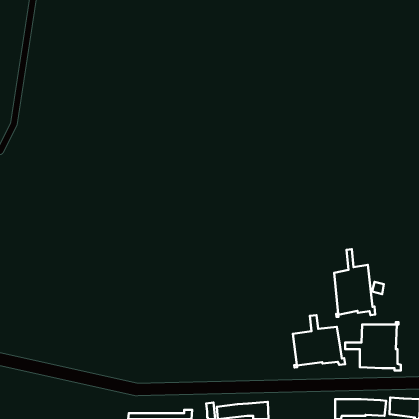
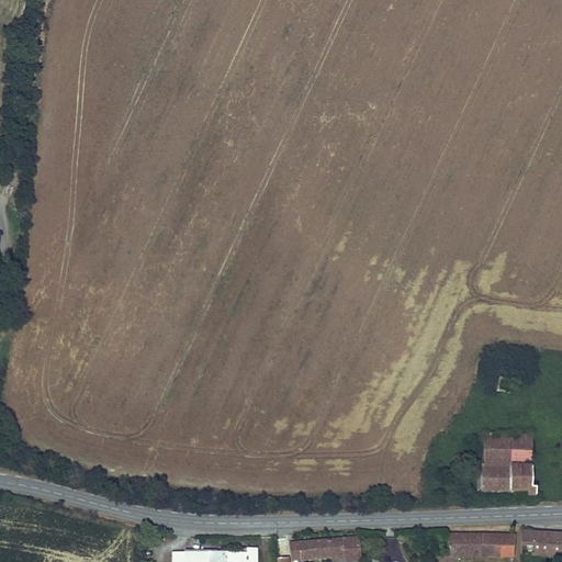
building: [334,249,375,317] -> none
building: [293,315,345,367] -> none

